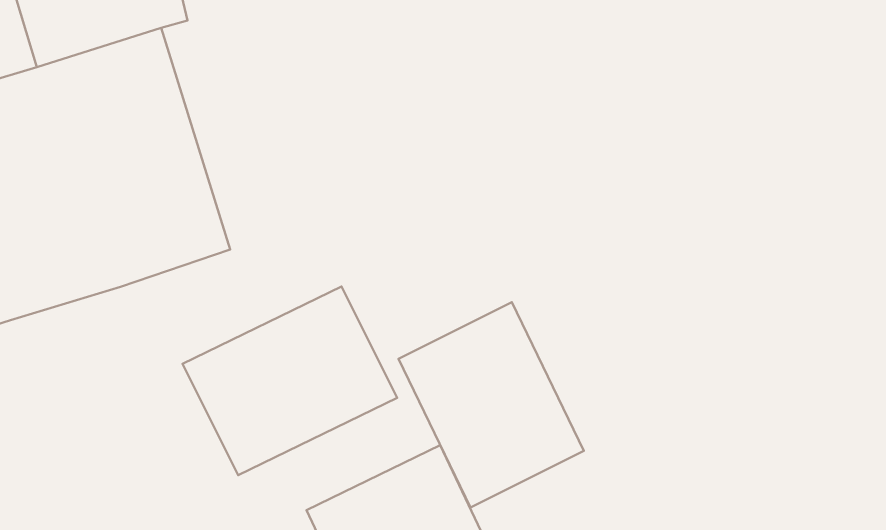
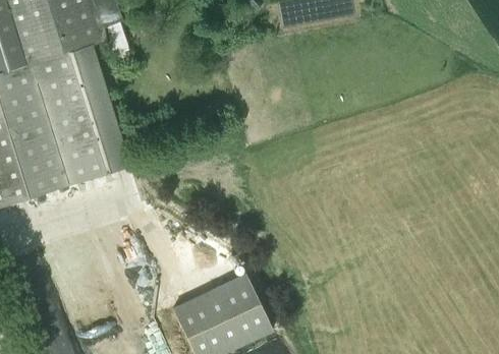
building: [182,286,397,475] -> none
building: [398,302,584,507] -> none

